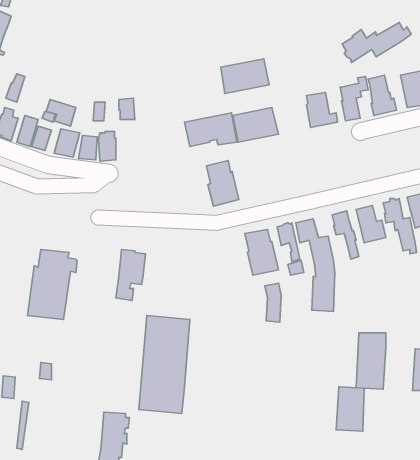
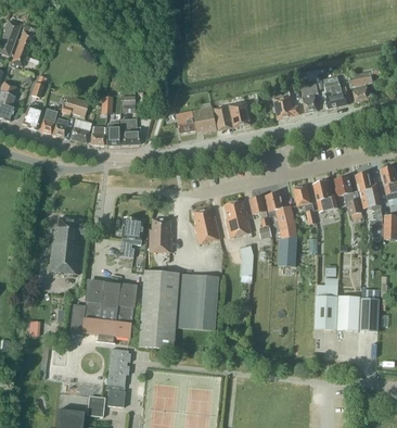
building: [342,23,411,62] -> none
building: [221,59,269,94] -> none
building: none -> [119,118,140,143]
building: [207,161,239,206] -> [193,206,219,243]
building: none -> [149,218,172,251]
building: none -> [175,273,218,330]
building: none -> [68,279,136,343]
building: [336,387,364,431] -> [336,294,359,330]

